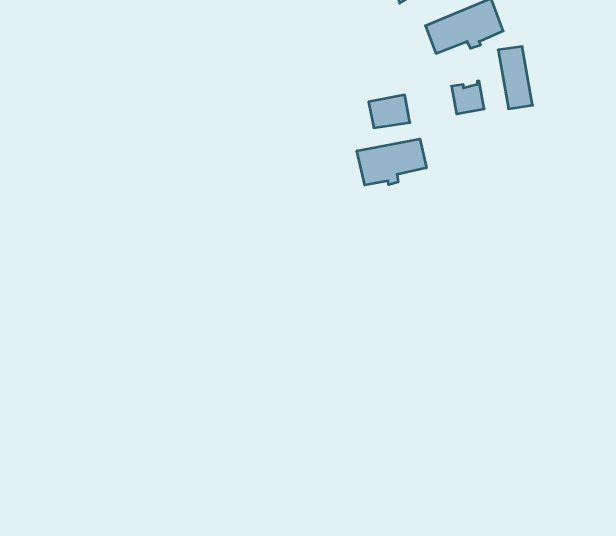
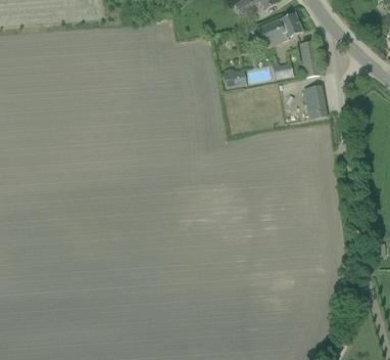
building: none -> [304,86,328,121]
building: [357,139,426,185] -> none

